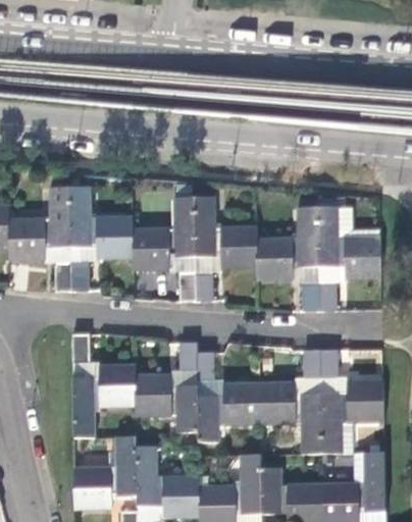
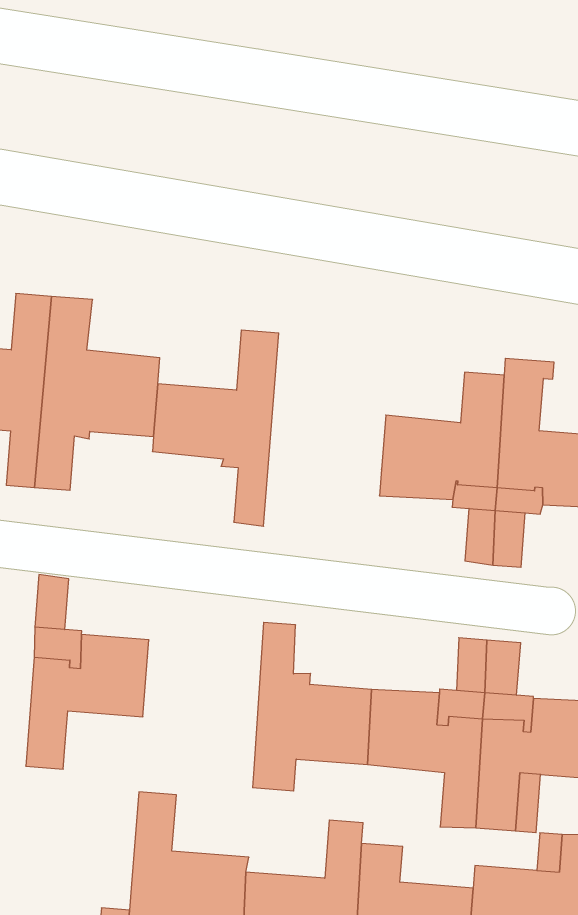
building: [193,194,254,300] -> none
building: [136,343,198,431] -> none
building: [75,439,137,511] -> none

